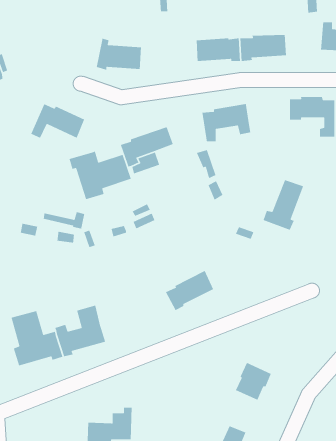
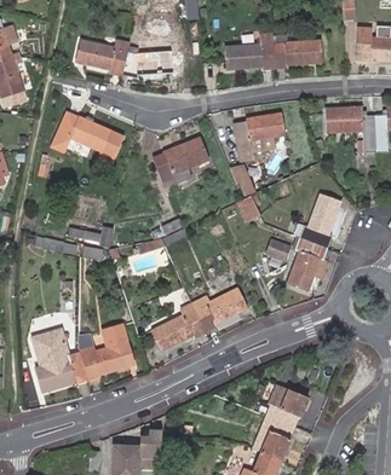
building: none -> [76,41,127,75]
building: [68,150,132,200] -> none
building: none -> [286,236,326,291]
building: none -> [150,303,205,352]
building: none -> [261,415,292,458]

